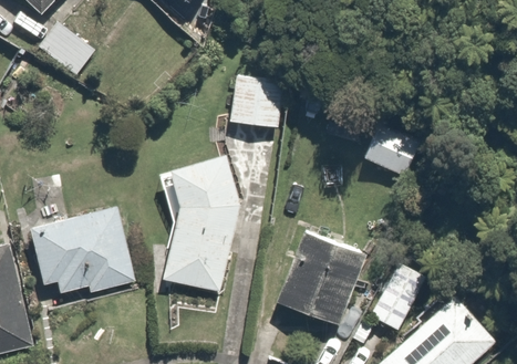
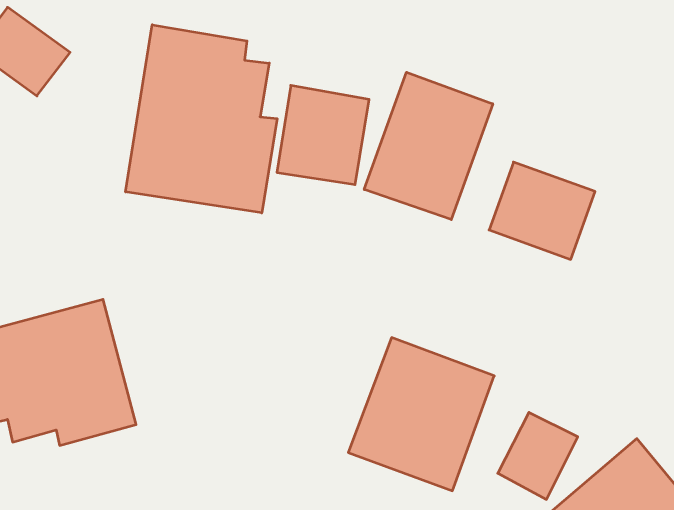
building: none -> [126,25,277,213]
building: none -> [364,72,493,220]
building: [163,157,238,294] -> none

